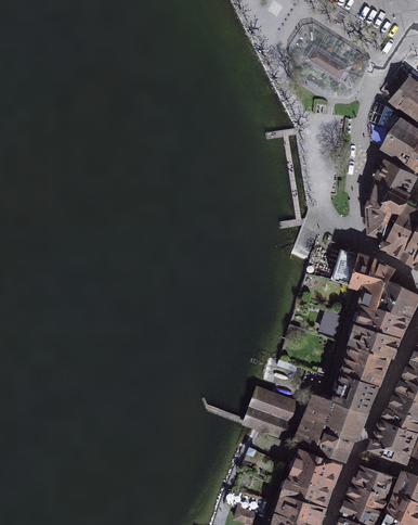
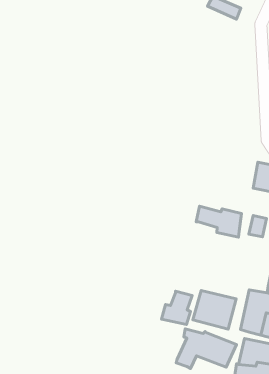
building: none -> [196,206,241,237]
building: none -> [162,291,192,324]
building: none -> [176,329,237,368]

